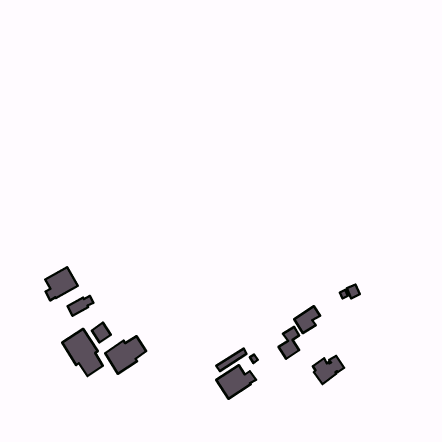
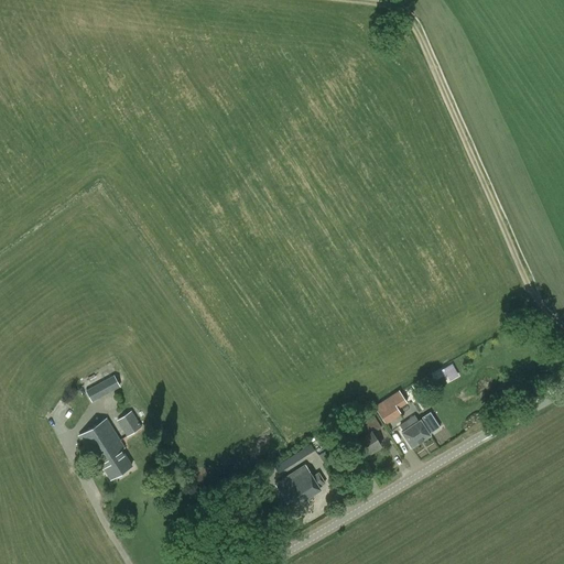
building: [45,267,78,301] -> none
building: [105,336,146,374] -> none
building: [313,356,344,384] -> [400,412,440,448]

